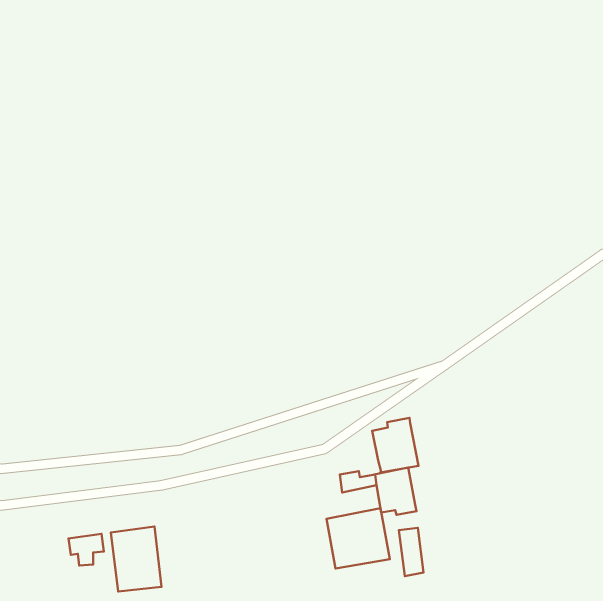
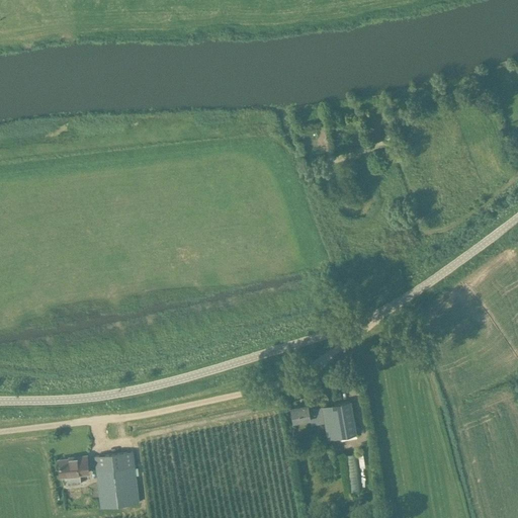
building: [372,418,418,472] -> none
building: [326,508,390,569] -> none

